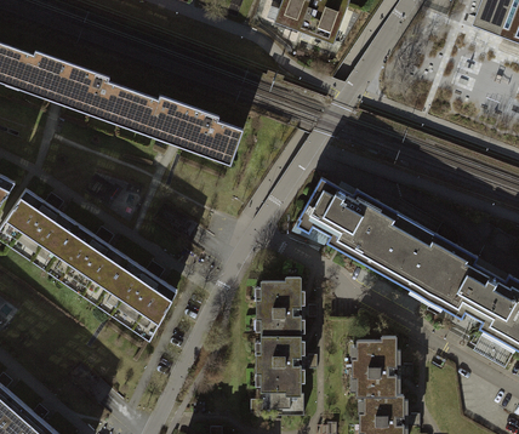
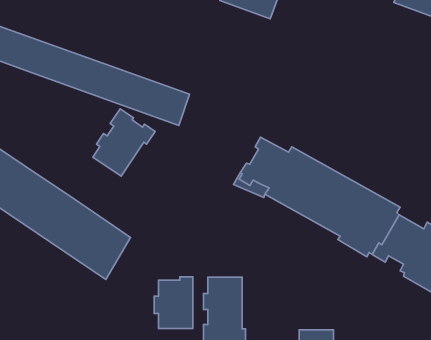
building: none -> [93,109,155,176]
building: [257,278,301,336] -> [154,277,193,328]
building: [353,337,397,395] -> none

